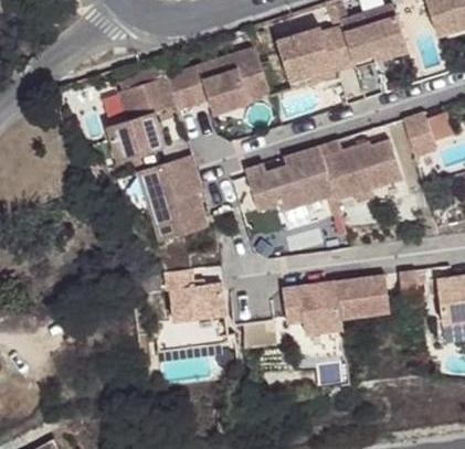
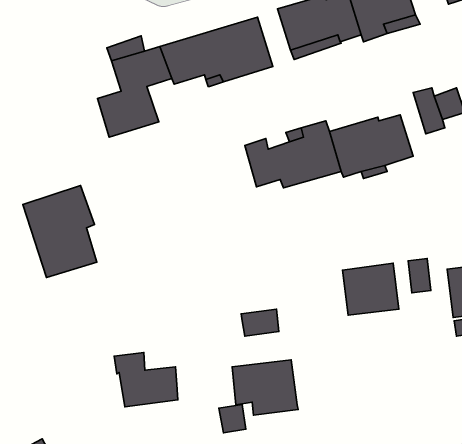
building: [136,150,205,236] -> [23,186,97,277]
building: [163,265,223,316] -> [114,353,178,407]
building: [279,284,341,335] -> [232,360,298,415]

